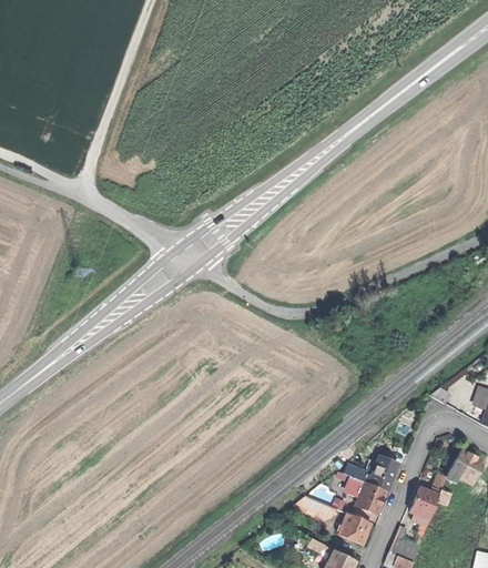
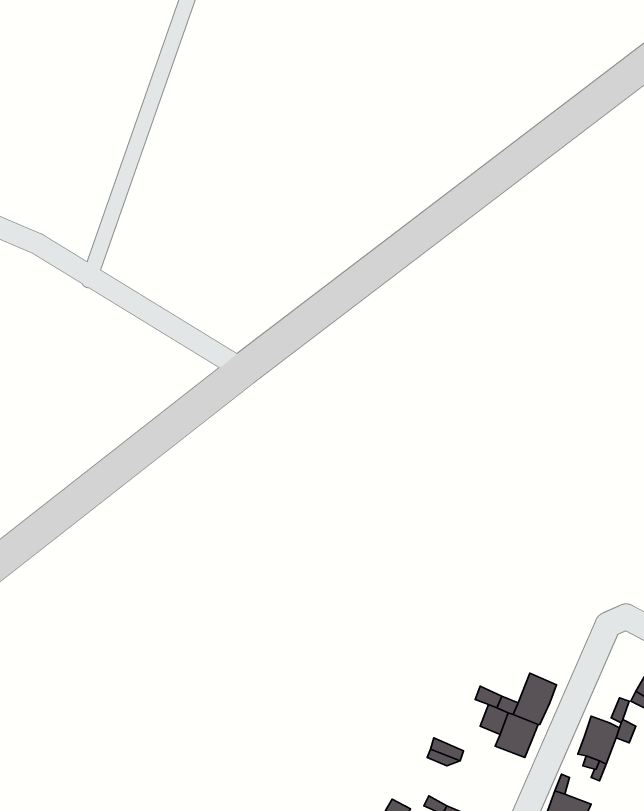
building: [337,514,369,545] -> none

